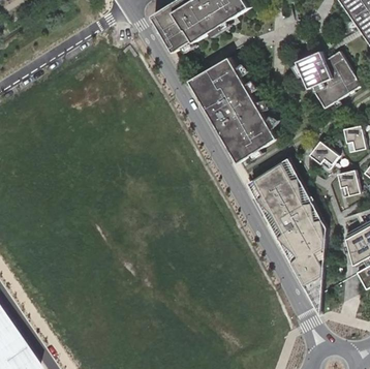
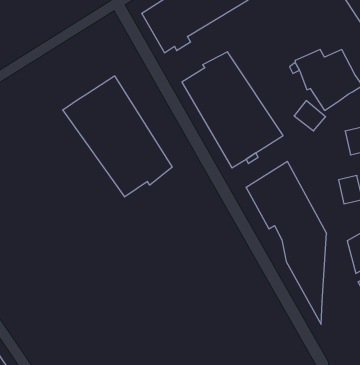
building: none -> [63,76,172,197]
building: [310,140,340,168] -> [294,101,326,131]

